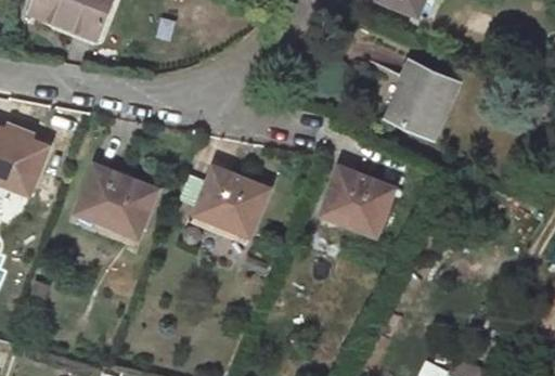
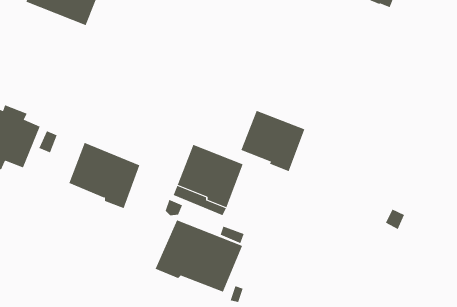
building: [387,61,457,135] -> none
building: [322,167,392,234] -> [240,110,305,172]
building: none -> [155,219,243,293]

